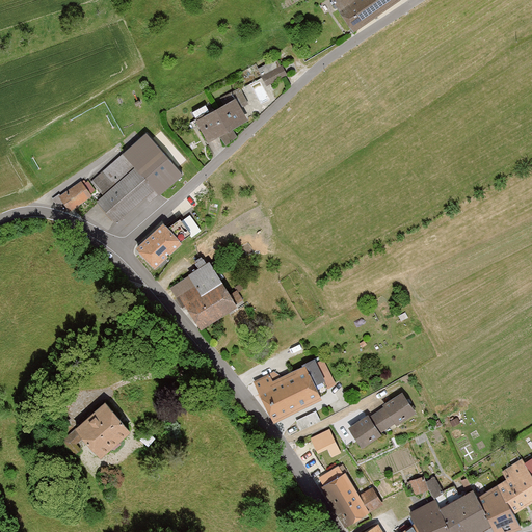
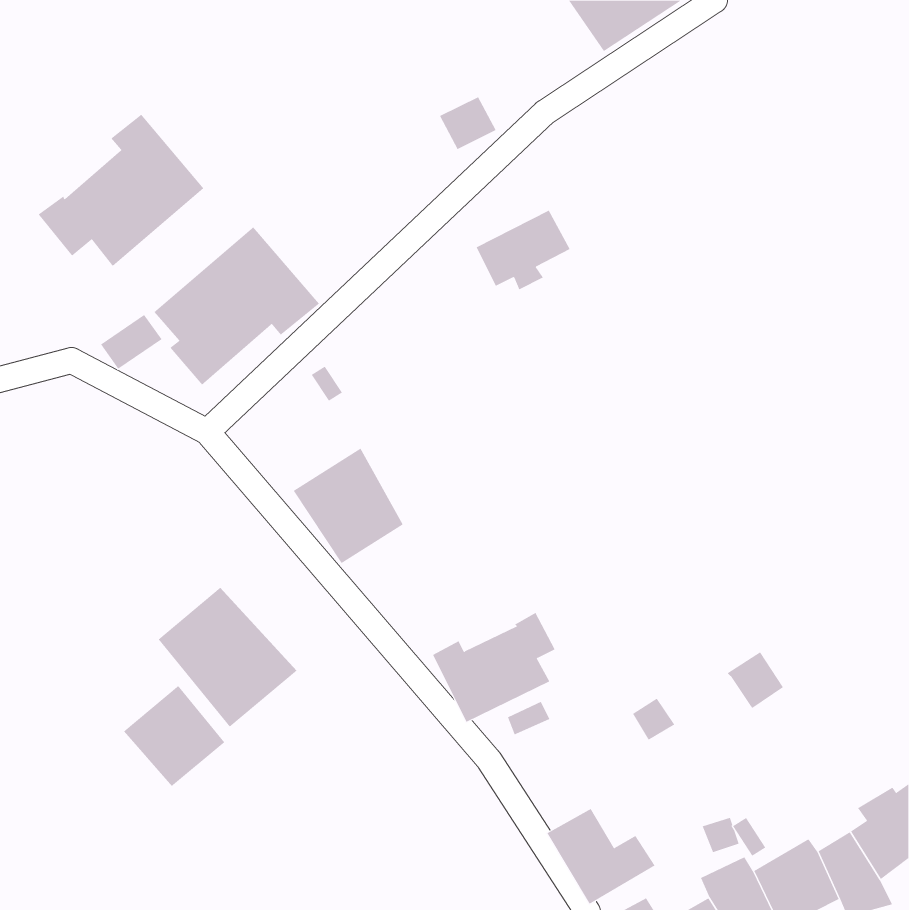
building: none -> [38,114,204,267]
building: [198,100,254,147] -> [476,210,571,290]
building: [134,222,181,268] -> none
building: none -> [158,587,298,728]
building: [380,393,414,426] -> [727,652,784,709]
building: [346,415,379,449] -> none
building: [310,428,340,456] -> none

